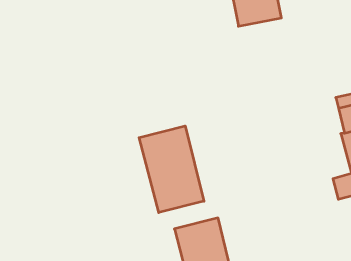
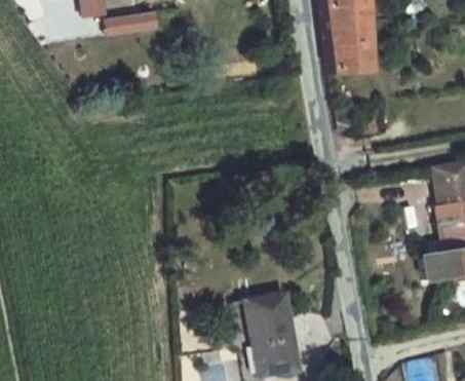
building: [139,126,204,213] -> none

